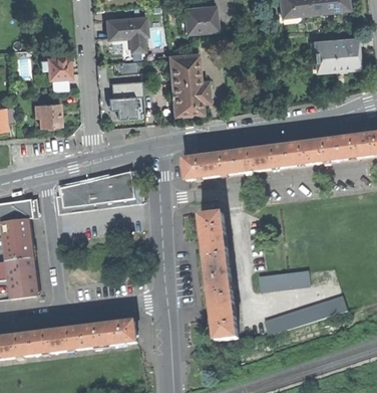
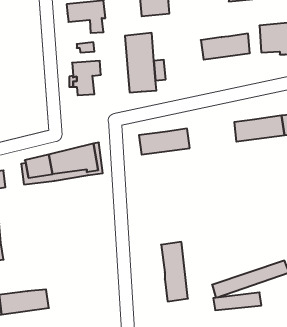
building: [40,54,71,77] -> none
building: [38,102,61,126] -> none
building: [236,146,289,174] -> [201,34,250,60]
building: [201,213,230,278] -> none
building: [258,271,310,290] -> [213,292,261,310]
building: [83,320,137,347] -> none

